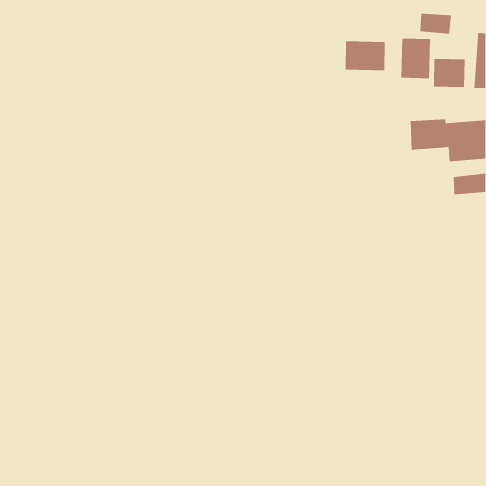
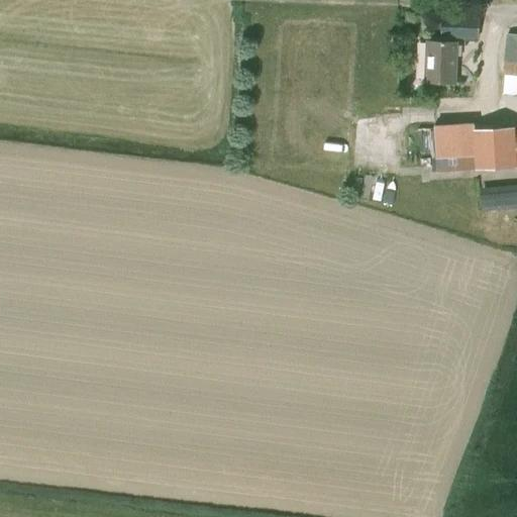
building: [345,41,385,71] -> none
building: [433,58,465,88] -> none

